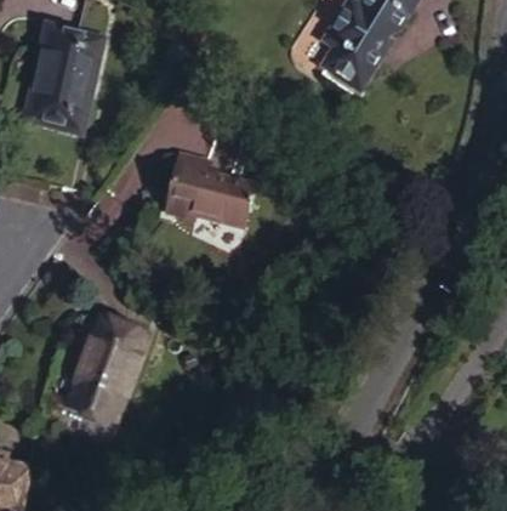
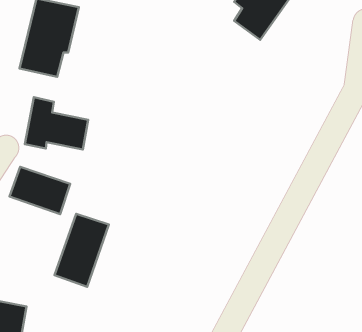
building: [165,154,250,225] -> [25,97,88,149]
building: none -> [9,167,70,214]

